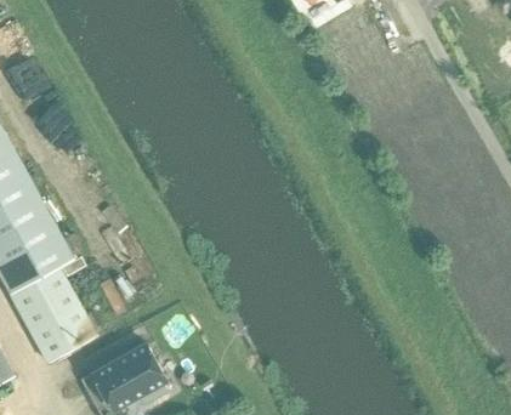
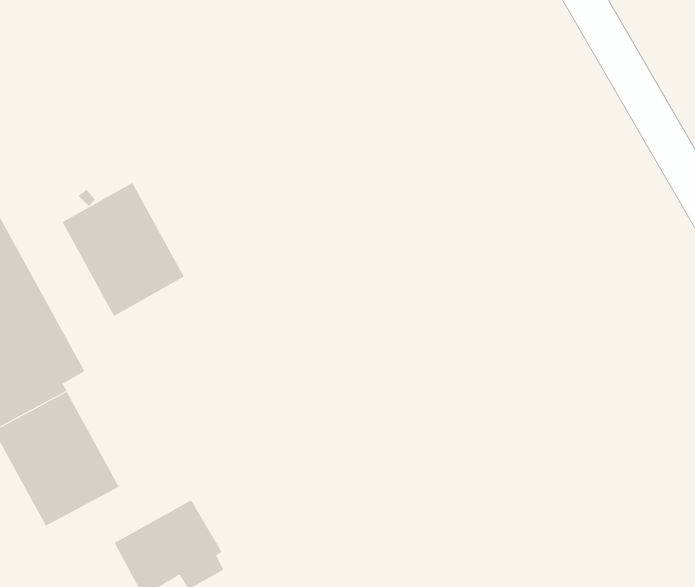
building: none -> [62,182,185,317]

